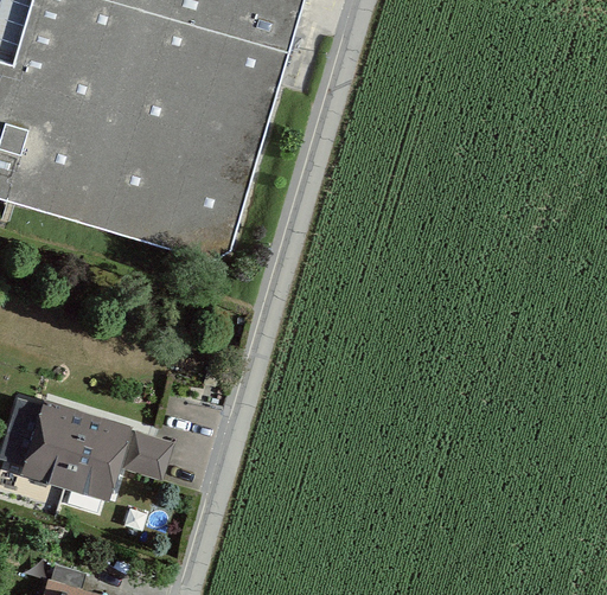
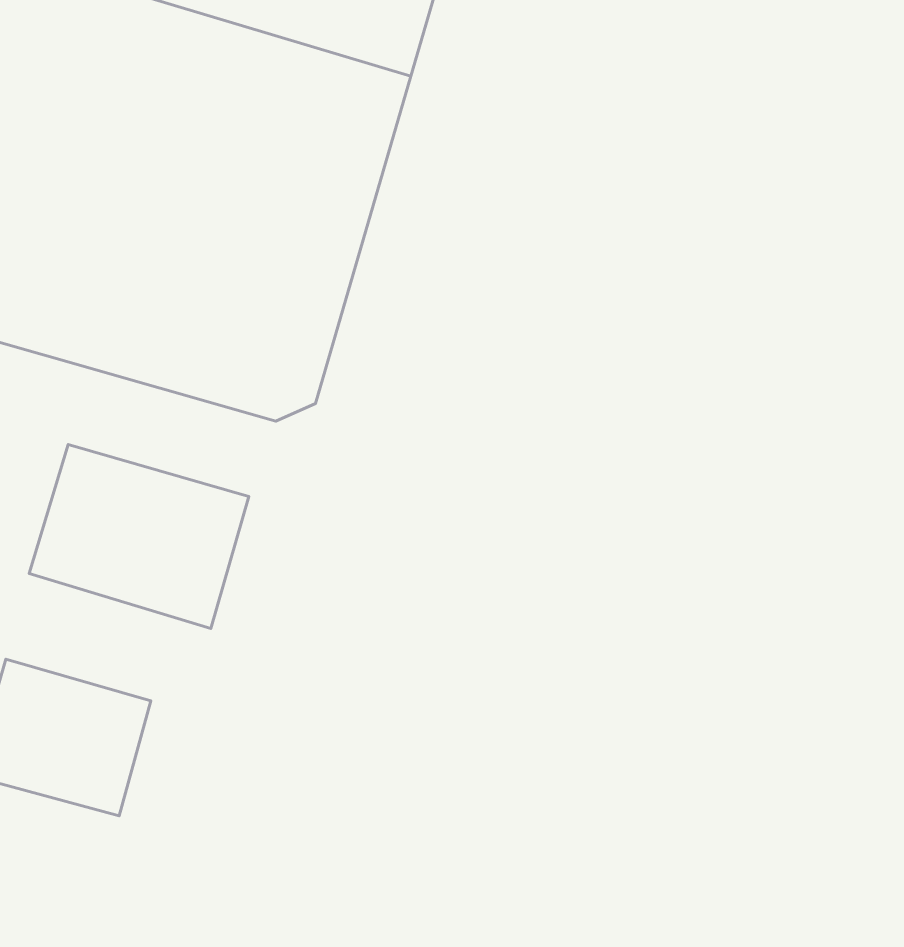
building: none -> [29,444,249,629]
building: [126,427,168,469] -> none

